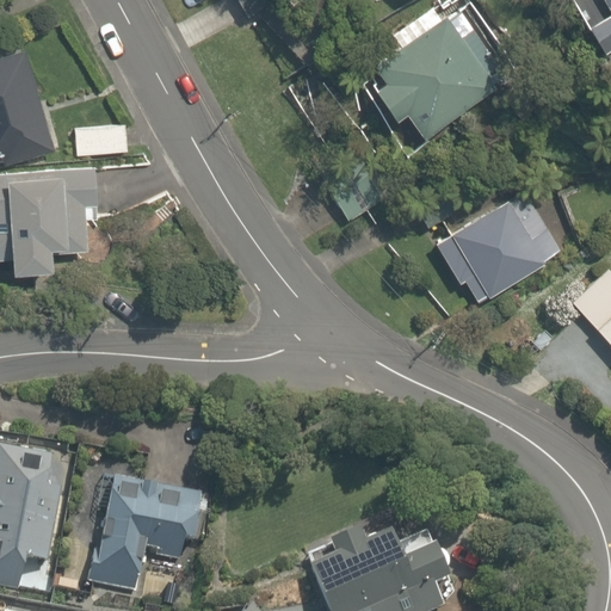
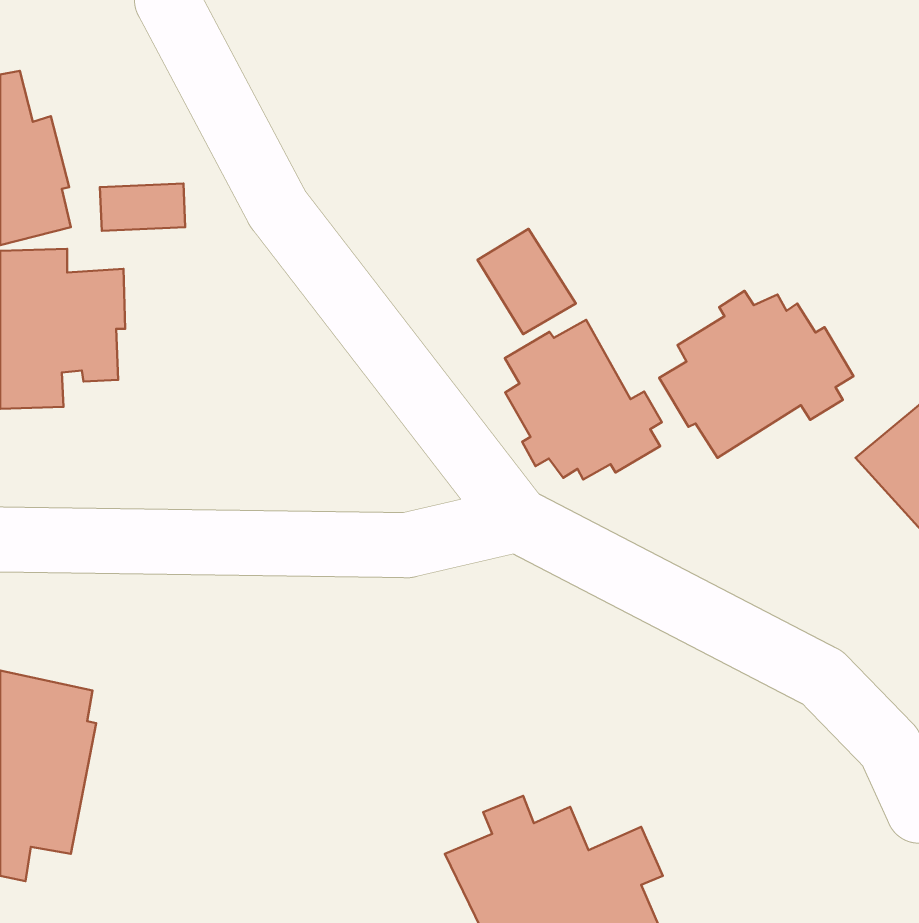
building: [370,12,493,141] -> none
building: none -> [505,320,662,479]
building: [81,477,208,585] -> none

